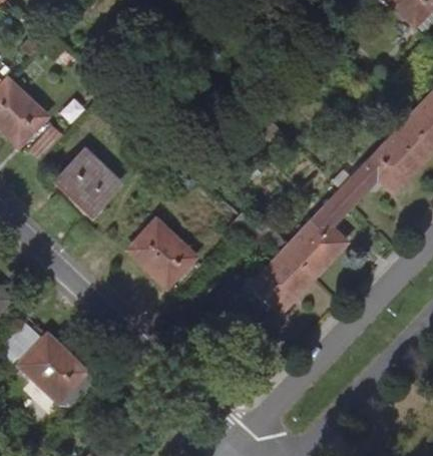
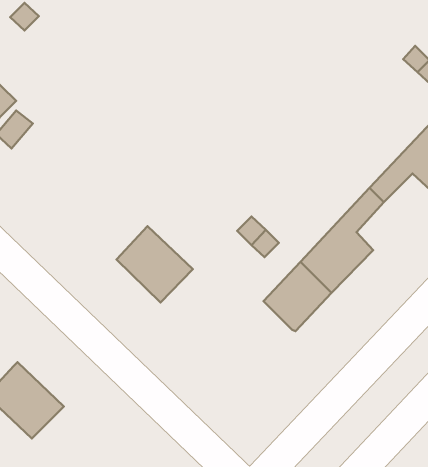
building: [57,148,121,212] -> none

